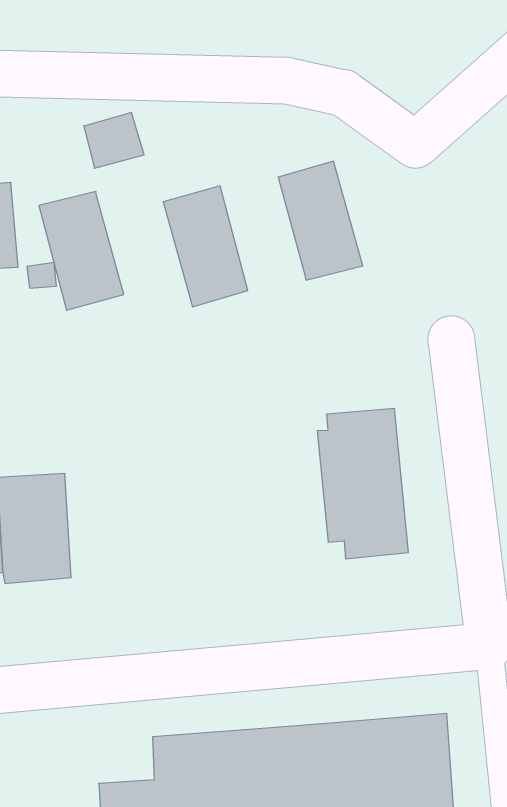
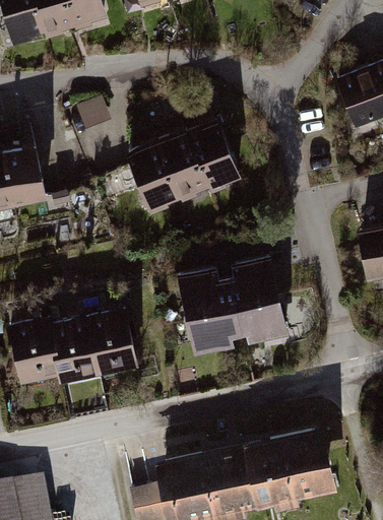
building: [39,191,124,310] -> [156,127,211,197]
building: none -> [180,266,244,355]
building: none -> [88,307,138,374]

